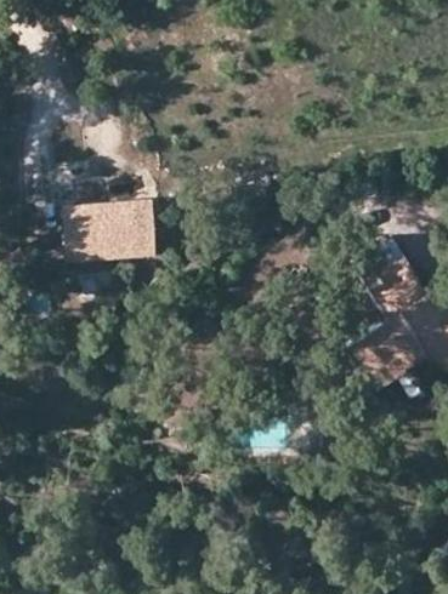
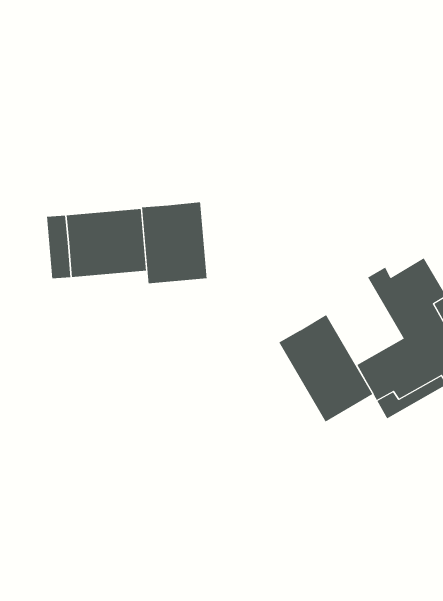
building: none -> [141,202,207,284]
building: none -> [279,314,373,422]

